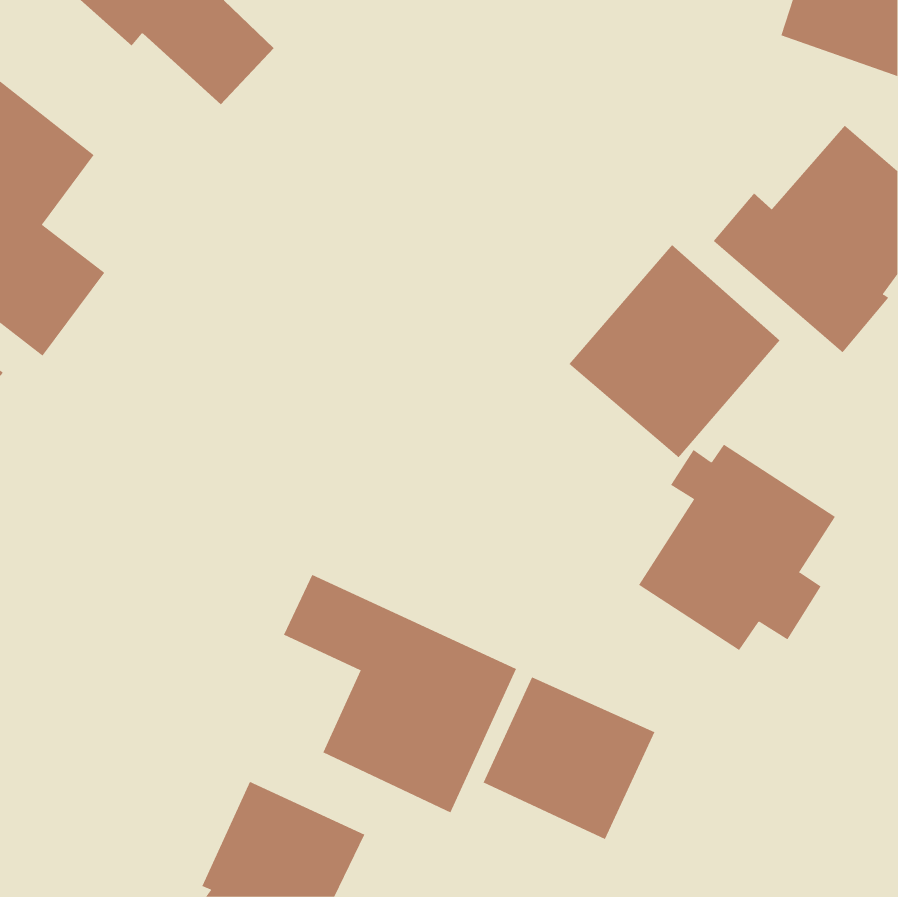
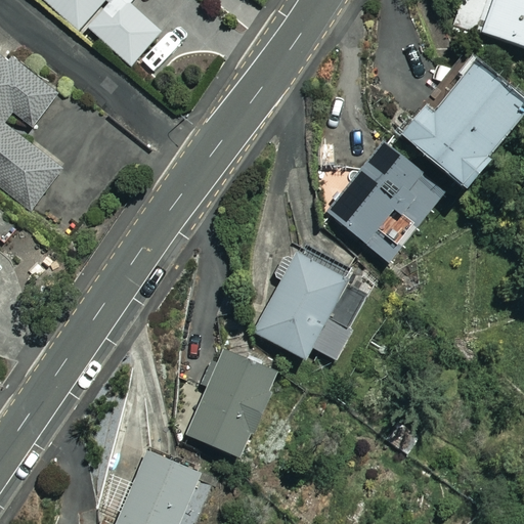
building: [638,444,836,651] -> [252,248,365,366]
building: [483,676,655,840] -> none

